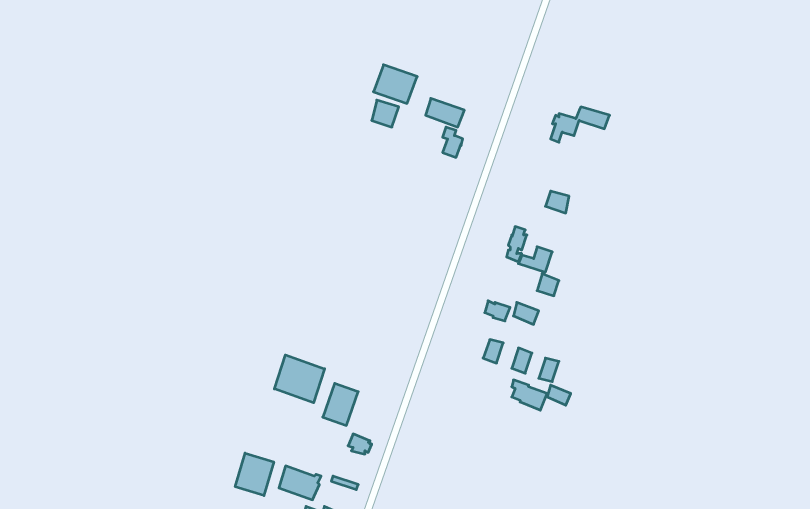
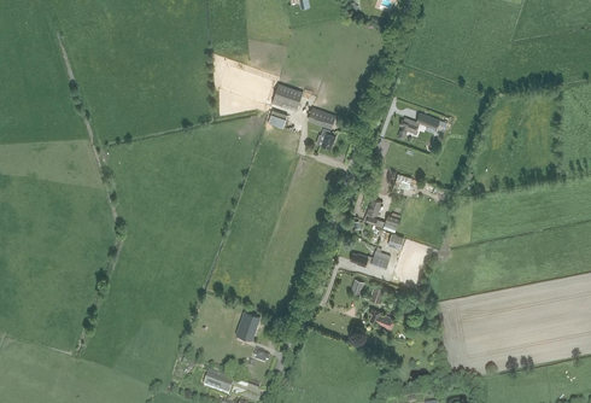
building: [274,355,325,403] -> none
building: [235,453,274,496] -> none

